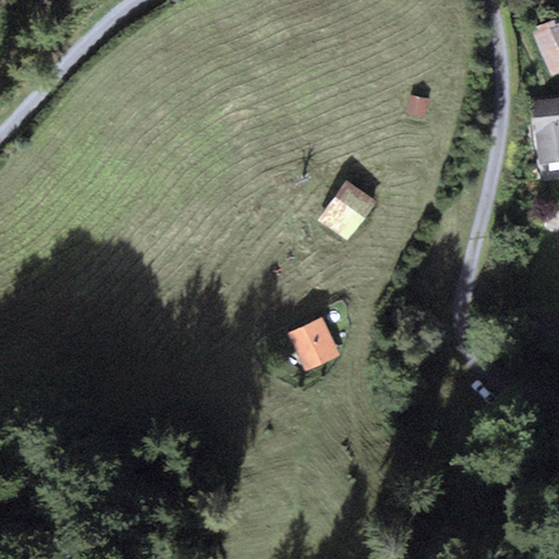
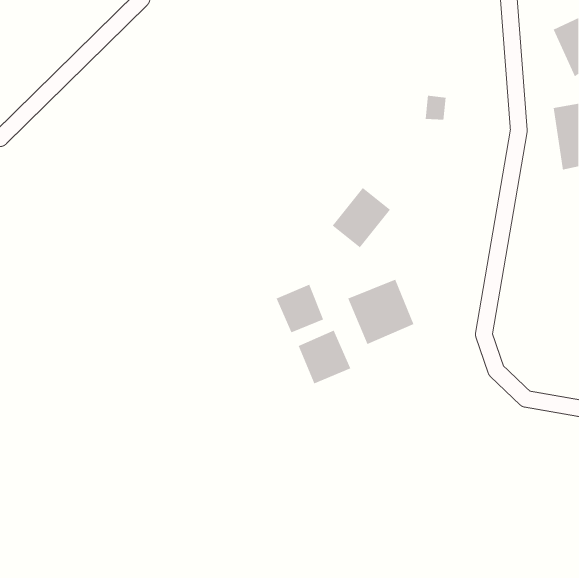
building: none -> [348,279,414,345]
building: none -> [276,284,324,333]

